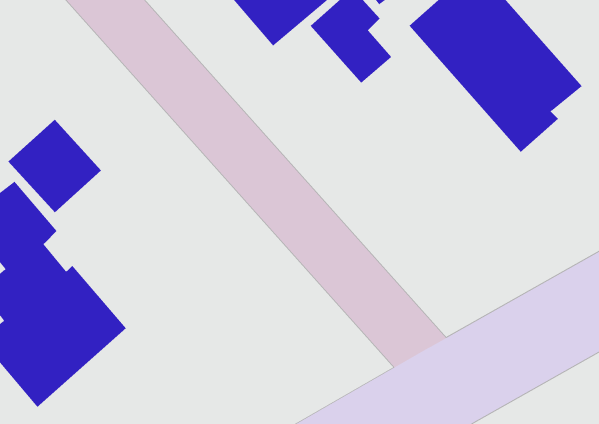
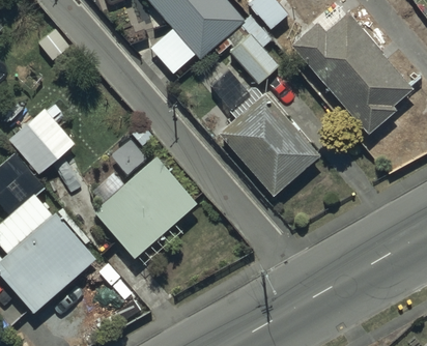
building: none -> [219,89,320,196]
building: none -> [93,157,197,259]

